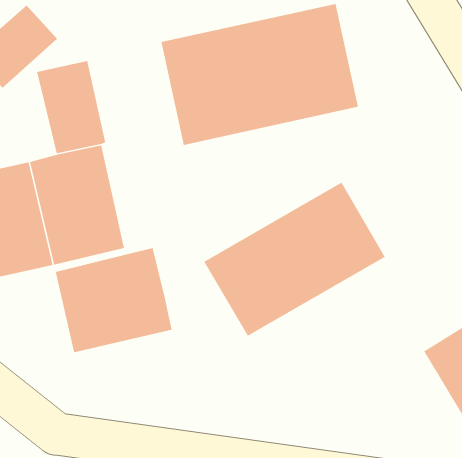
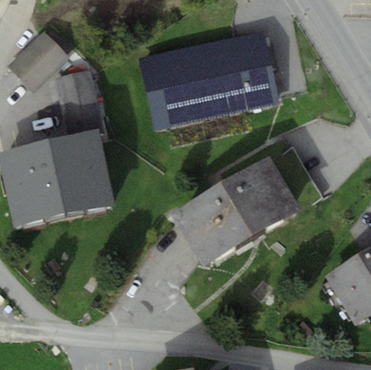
building: [55,247,172,353] -> none

